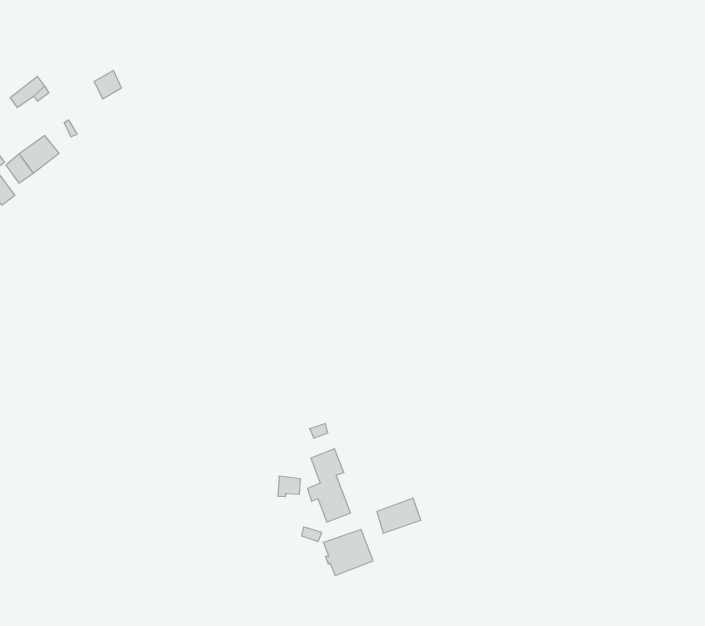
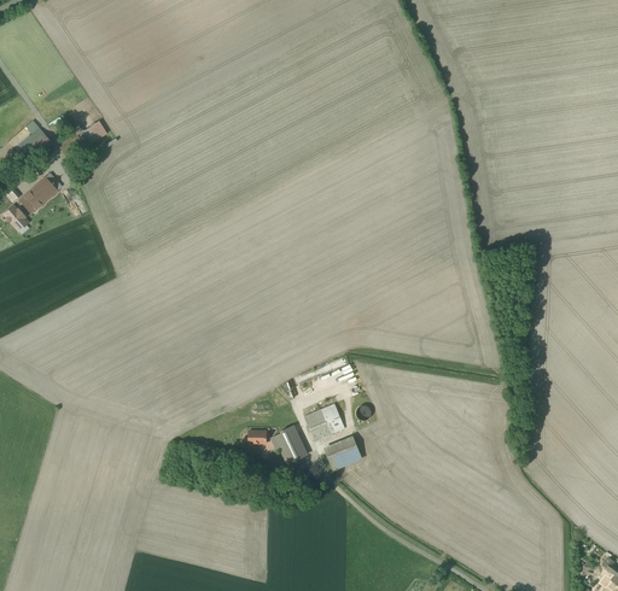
building: [323,529,373,575] -> [304,404,344,441]

